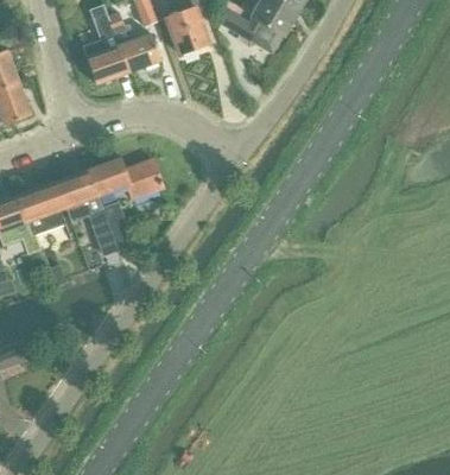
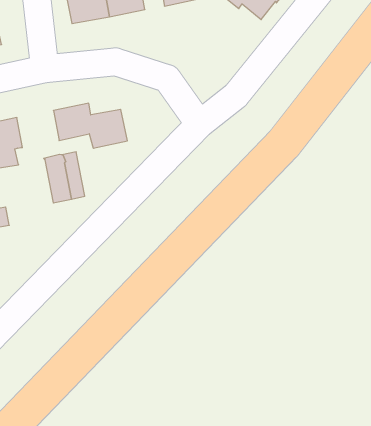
building: [56,167,101,221] -> none

